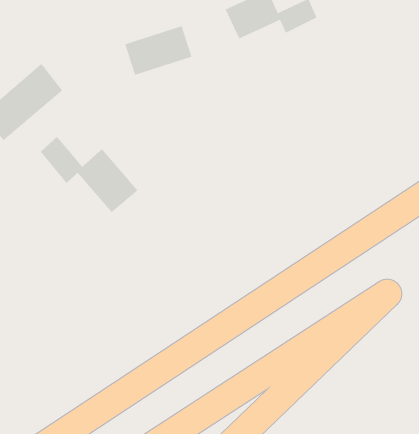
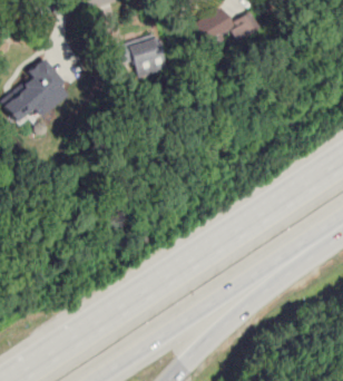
building: [40,136,139,213] -> none

